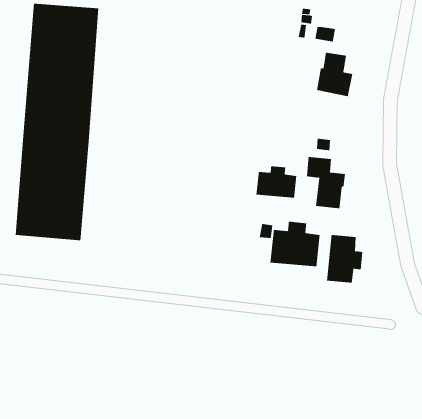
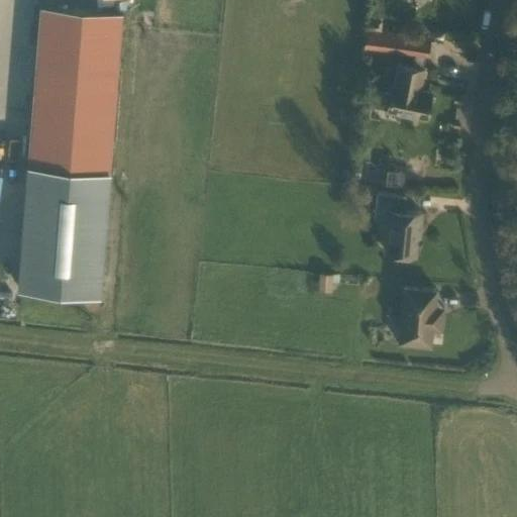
building: [256,165,297,199] -> none
building: [270,221,320,267] -> none

